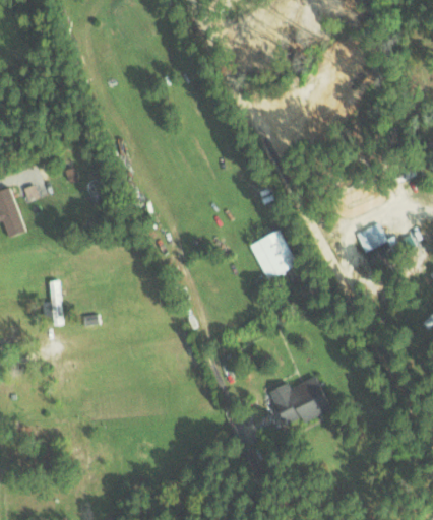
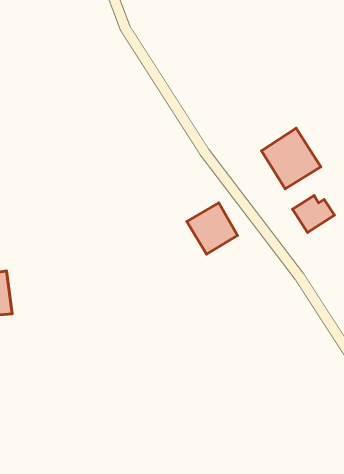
building: none -> [261,128,321,189]
building: [267,374,332,424] -> none

